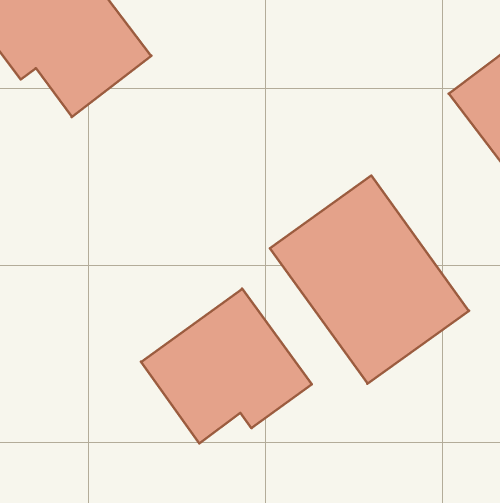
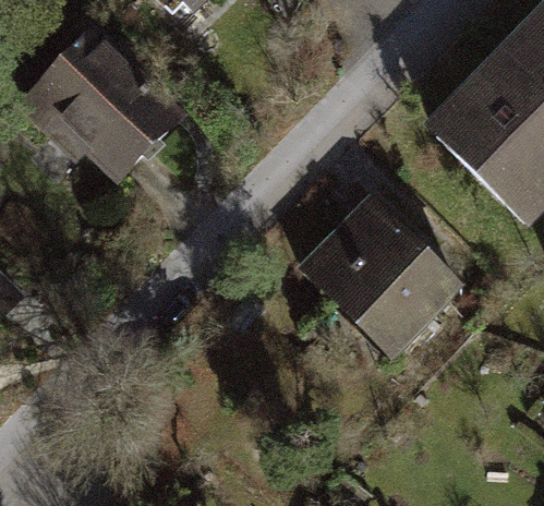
building: [141,289,312,443] -> none

